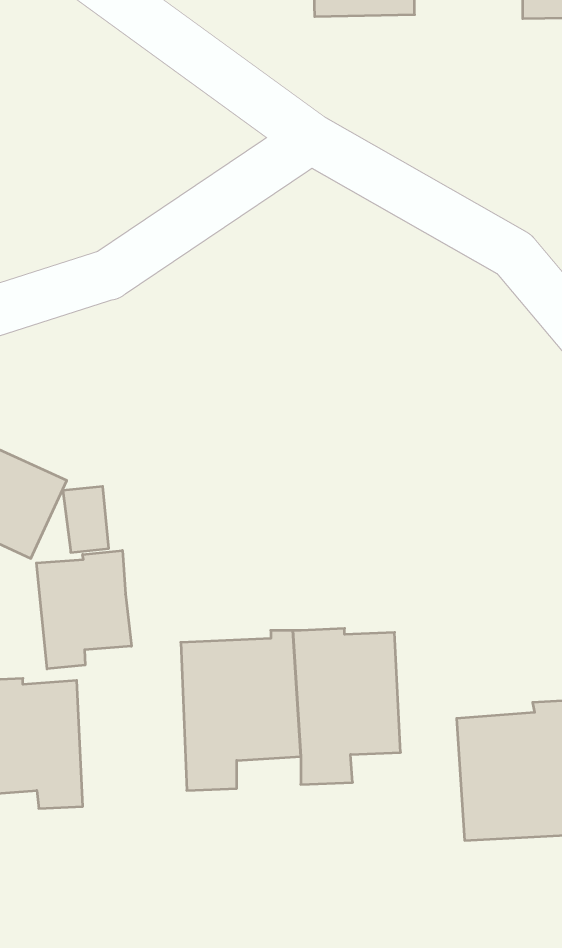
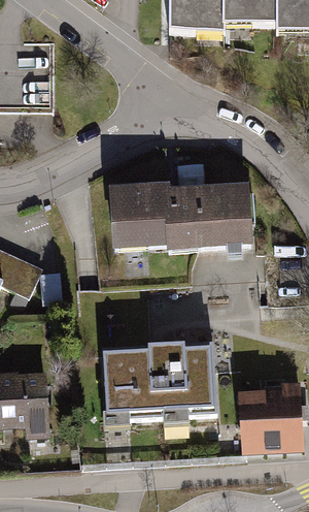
building: none -> [110,182,254,250]
building: [36,550,131,669] -> none

